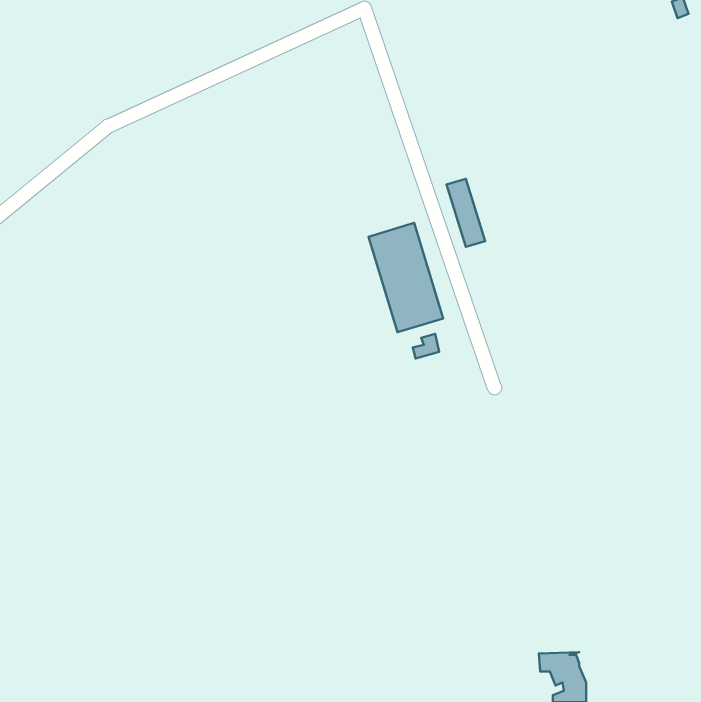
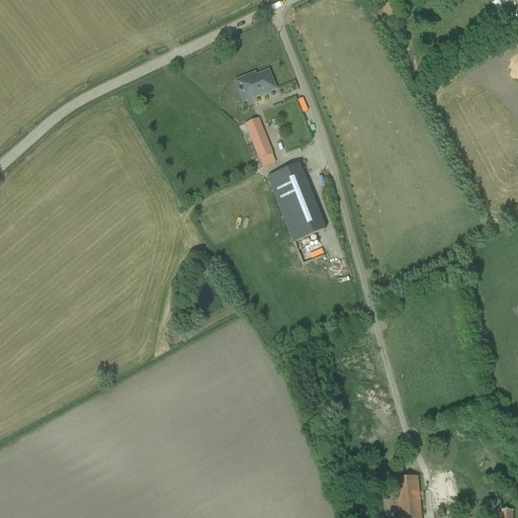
building: none -> [229,65,269,99]
building: [447,179,485,247] -> [246,117,274,167]

